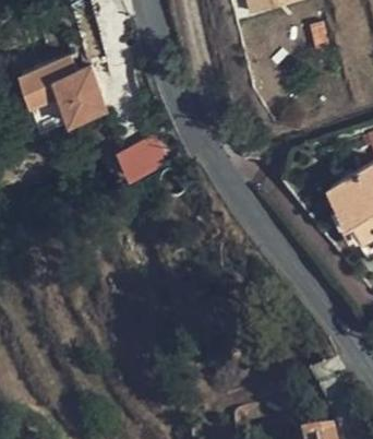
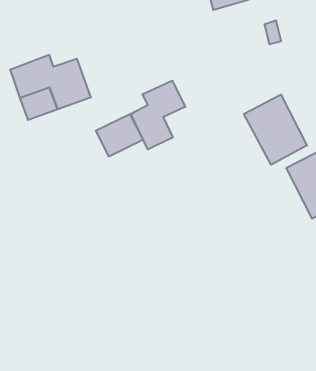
building: none -> [131,81,185,150]
building: none -> [244,95,307,165]

